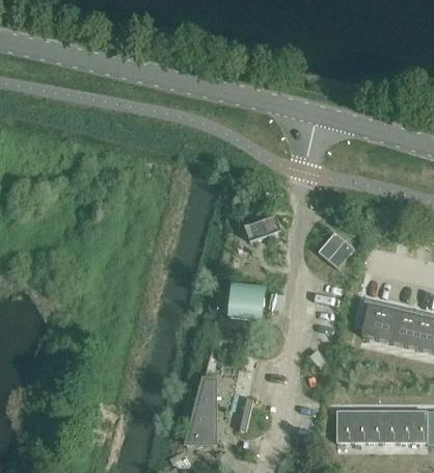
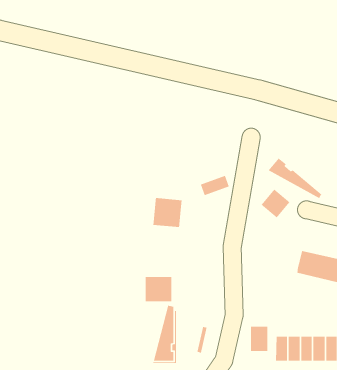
building: none -> [268,157,322,199]
building: [228,282,265,319] -> [153,197,182,228]
building: none -> [145,276,172,302]
building: none -> [250,326,268,352]

